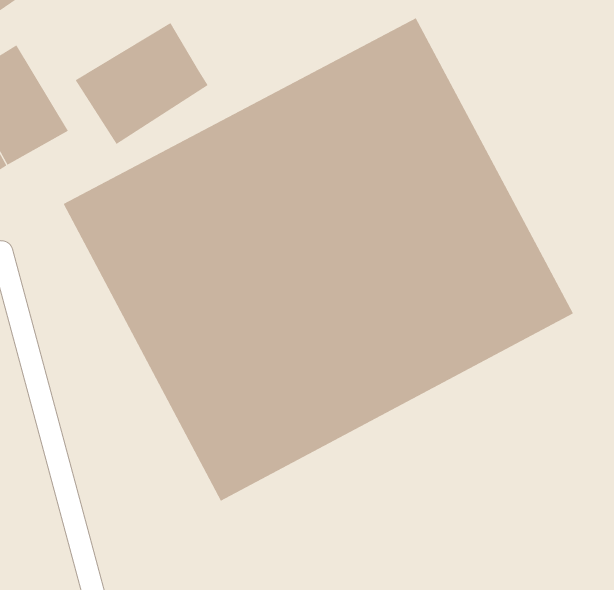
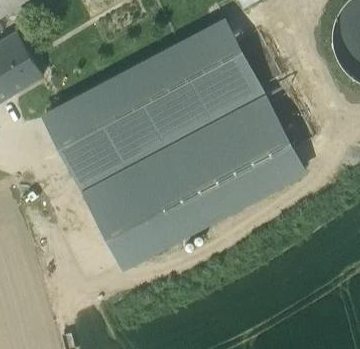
building: [75,22,209,145] -> none

